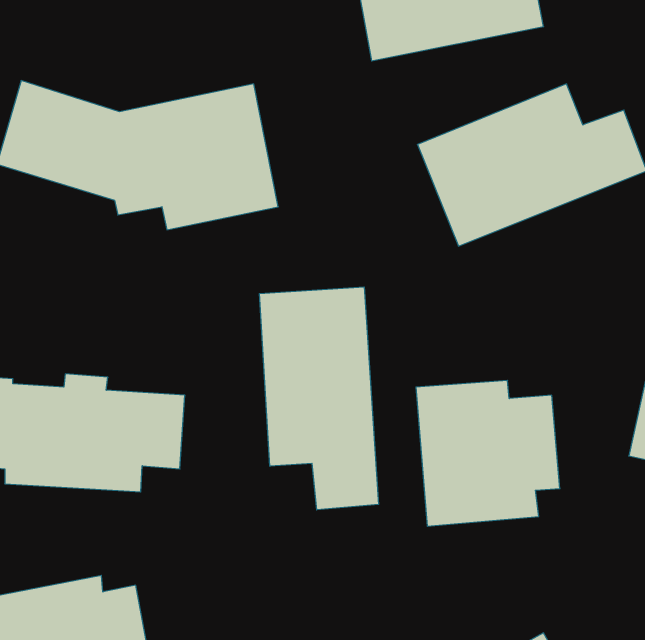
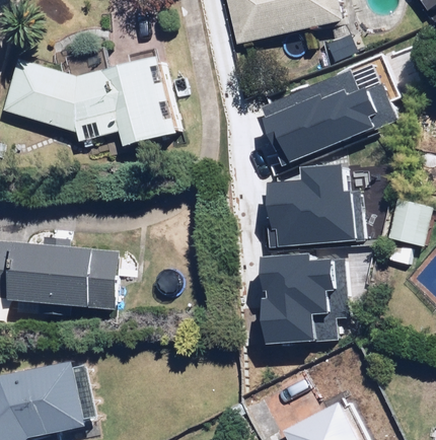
building: none -> [272,160,367,240]
building: [259,287,379,510] -> none

